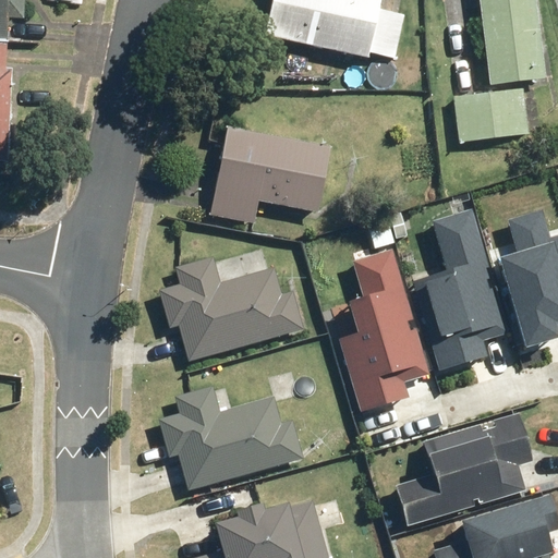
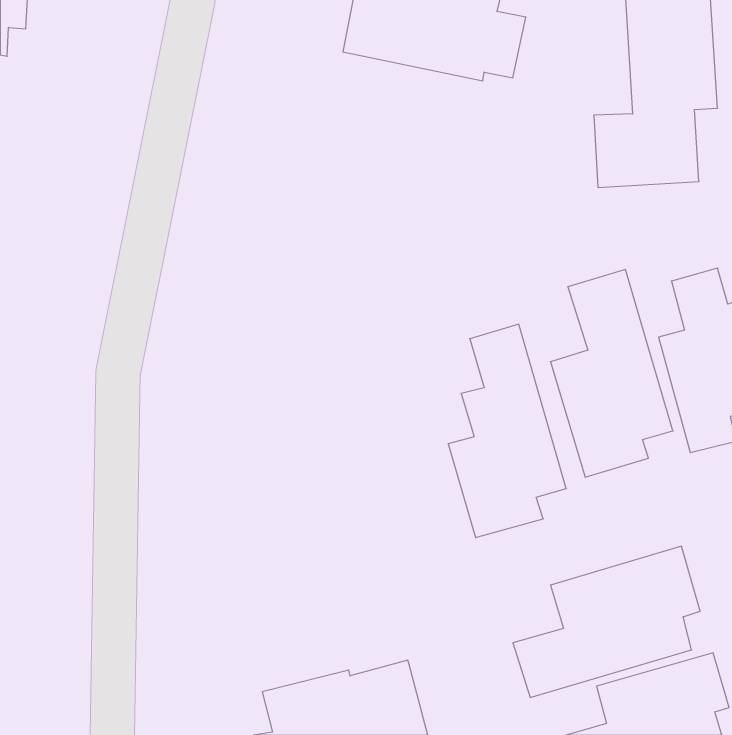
building: [207,126,327,228] -> none
building: [162,257,305,364] -> none
building: [157,385,306,495] -> none

